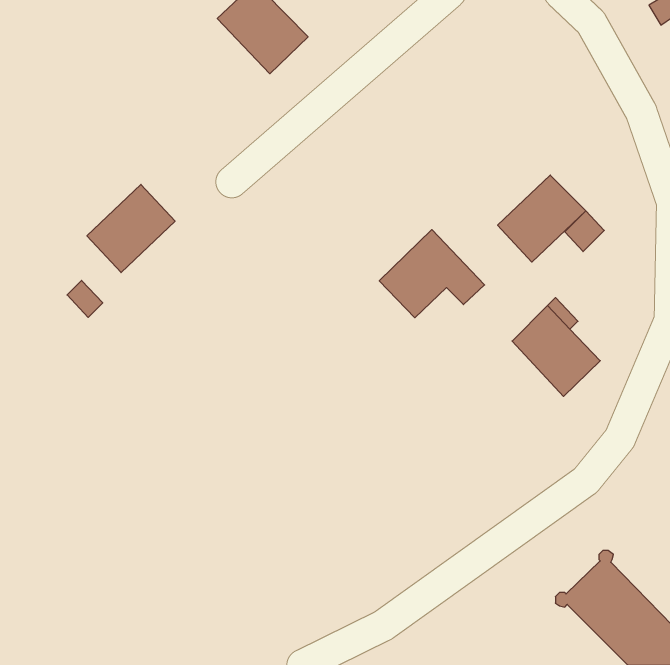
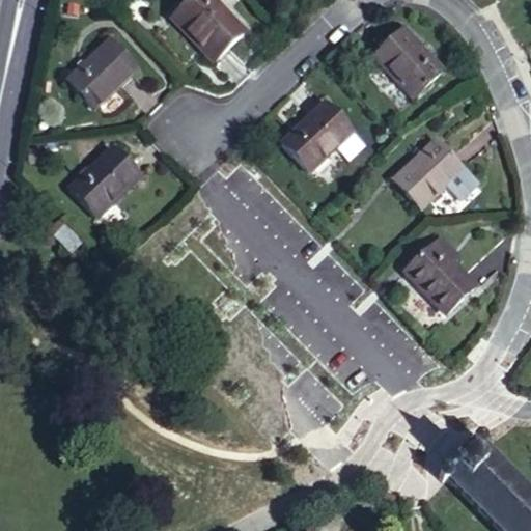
building: none -> [373,27,442,94]
building: none -> [68,37,137,106]
building: [379,230,485,318] -> [282,100,365,169]

